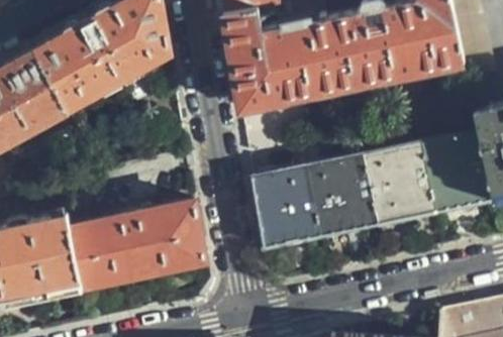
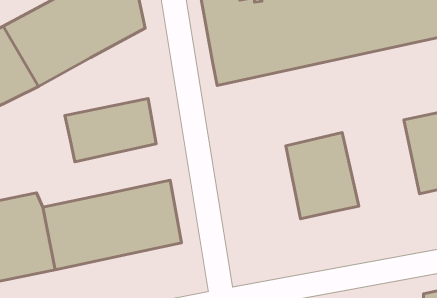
building: none -> [65,99,156,162]
building: [362,143,436,227] -> none
building: [253,168,321,250] -> none

